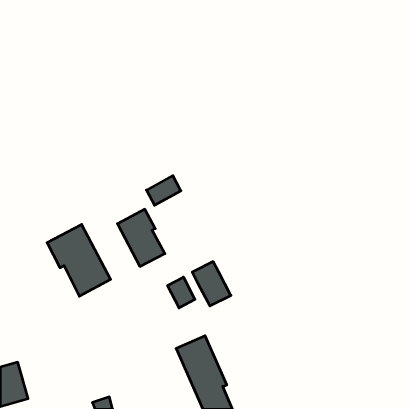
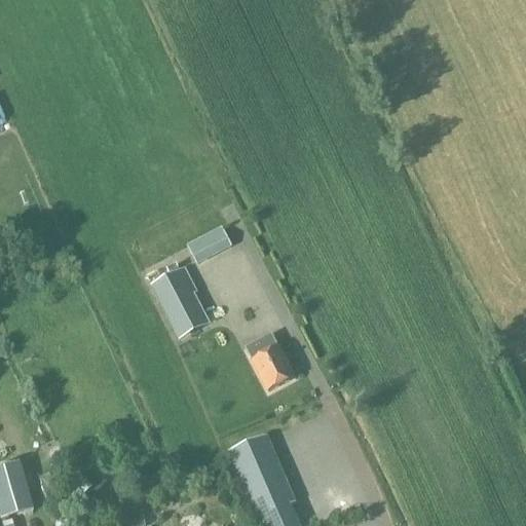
building: [47,224,111,296] -> none
building: [168,277,195,308] -> none

